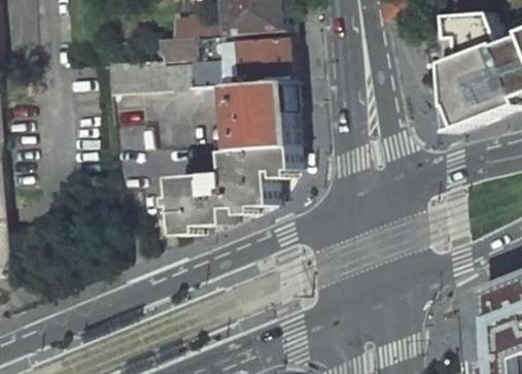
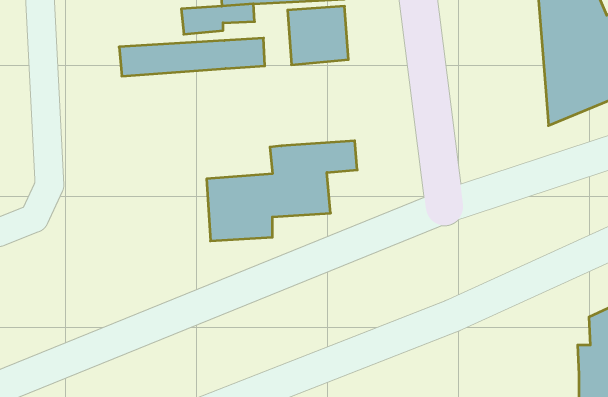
building: [228,78,292,148] -> none

